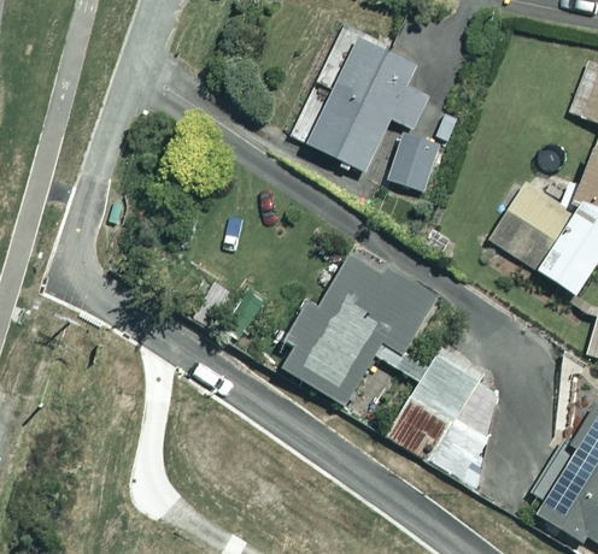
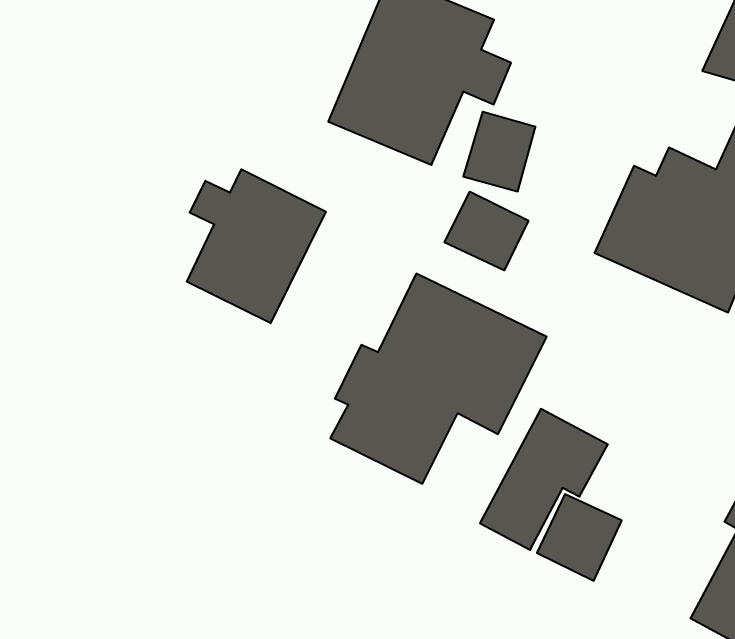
building: none -> [187,169,326,323]
building: none -> [445,192,528,270]

